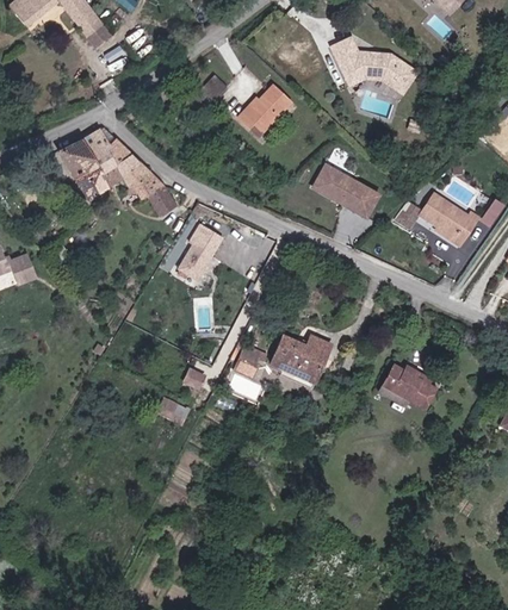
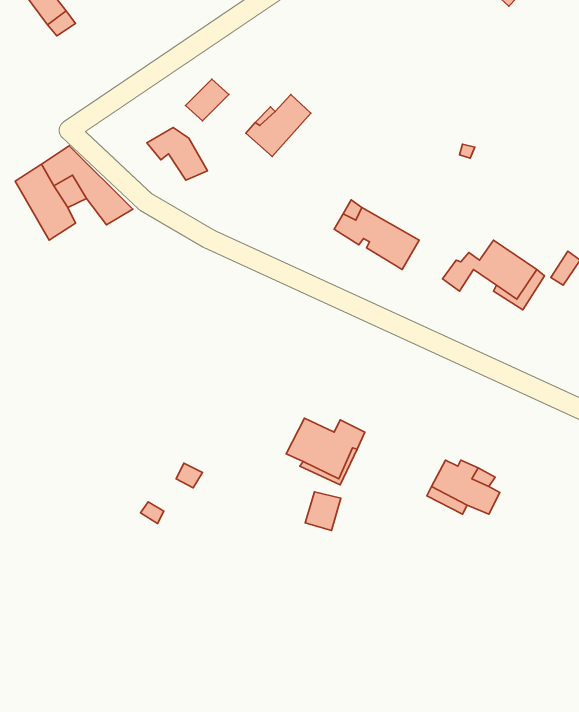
building: [333,35,417,93] -> none
building: [131,174,178,214] -> [147,127,207,180]
building: [179,225,228,280] -> none
building: [234,346,261,375] -> [305,492,341,531]

